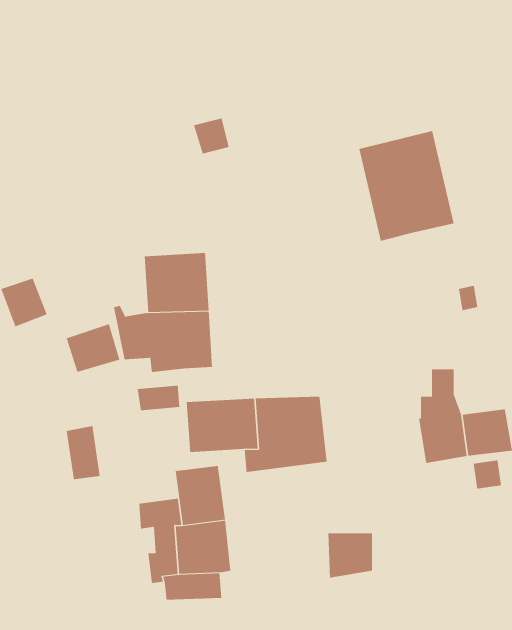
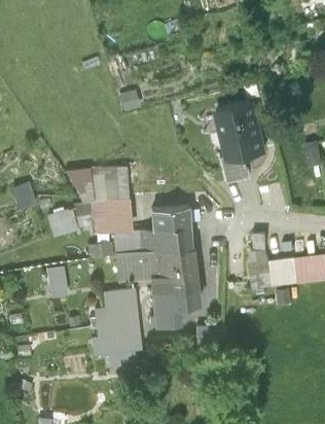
building: none -> [220,156,250,185]
building: none -> [65,170,94,204]
building: none -> [114,206,191,252]
building: none -> [149,286,197,331]

